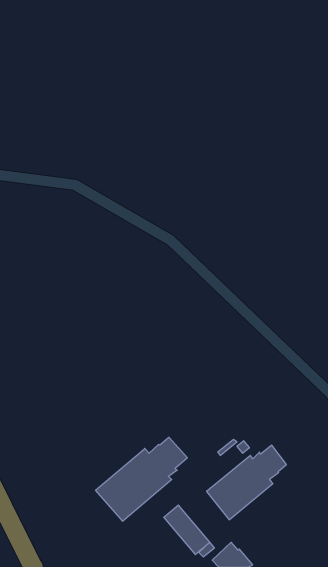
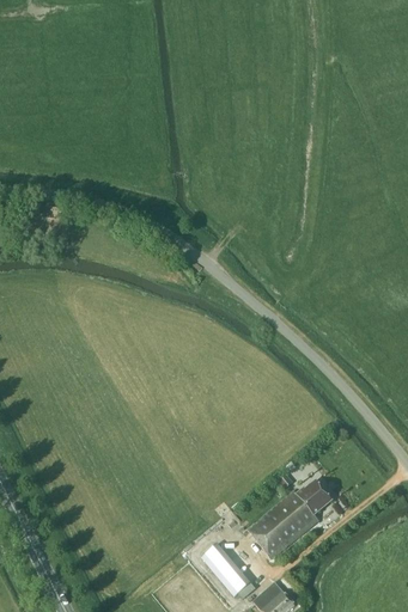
building: [96,437,187,521] -> none

